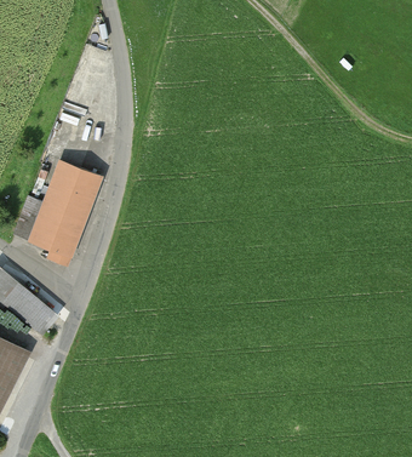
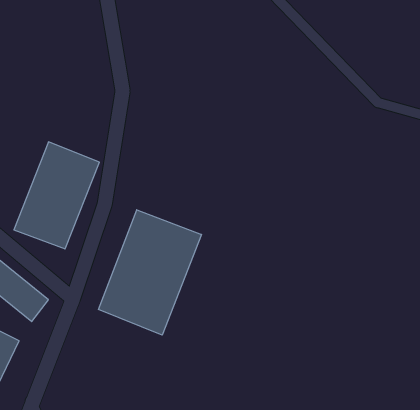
building: none -> [98,210,201,335]

